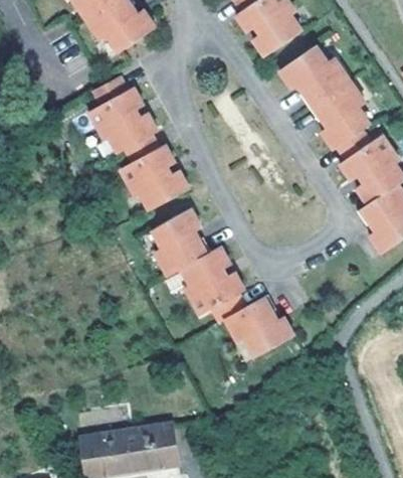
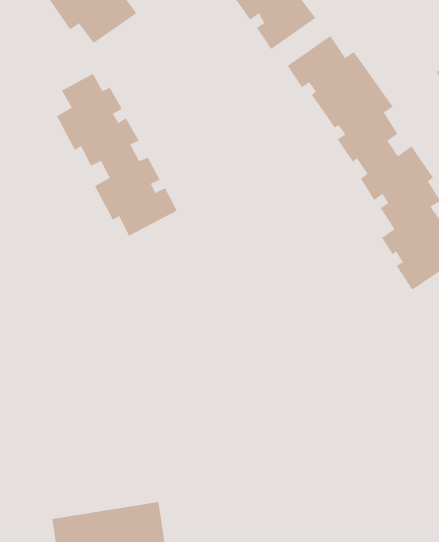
building: [151,206,291,356] -> none

